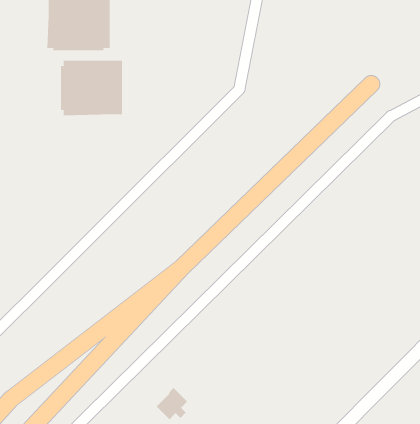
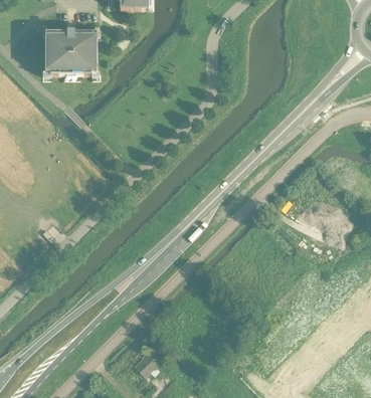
building: [60,60,122,116] -> none

